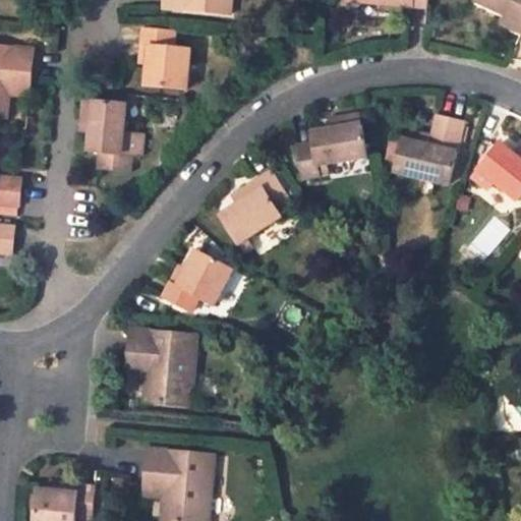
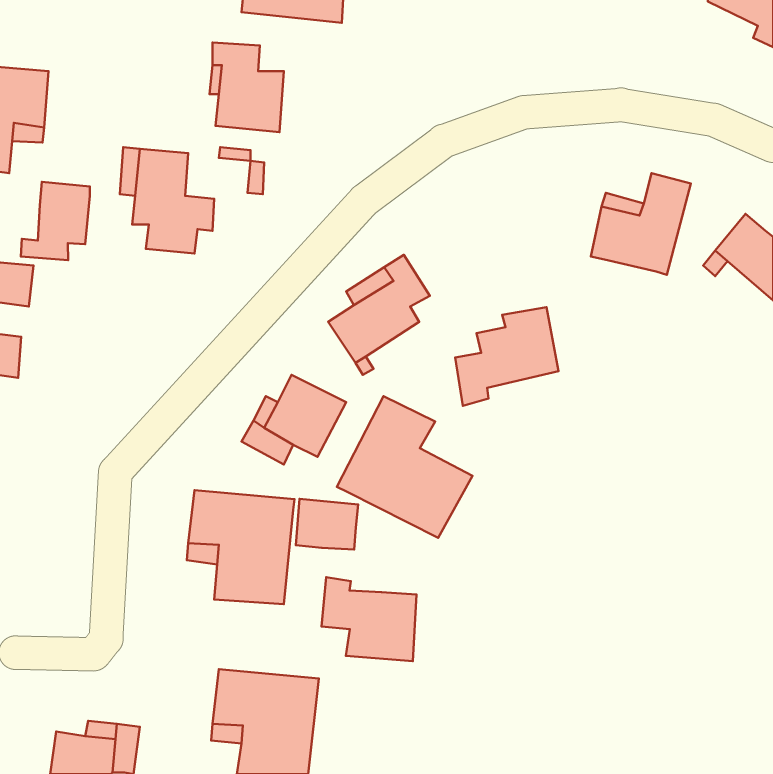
building: [296,113,365,179] -> [455,307,559,406]
building: none -> [21,182,90,260]
building: none -> [337,396,472,538]
building: none -> [296,499,358,549]
building: none -> [322,577,417,661]

